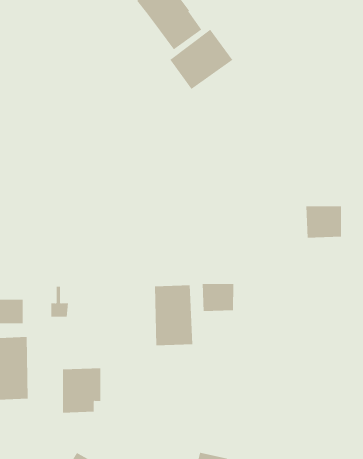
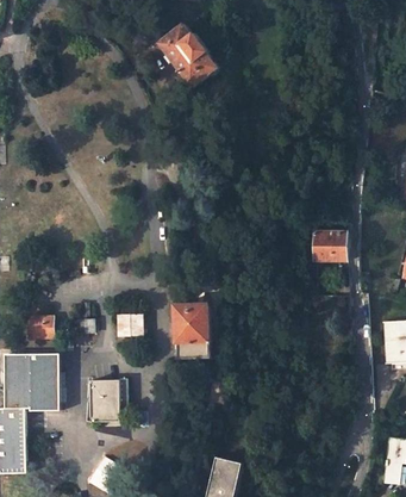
building: [170,29,233,90] -> none
building: [202,283,234,312] -> none
building: none -> [118,315,144,336]

